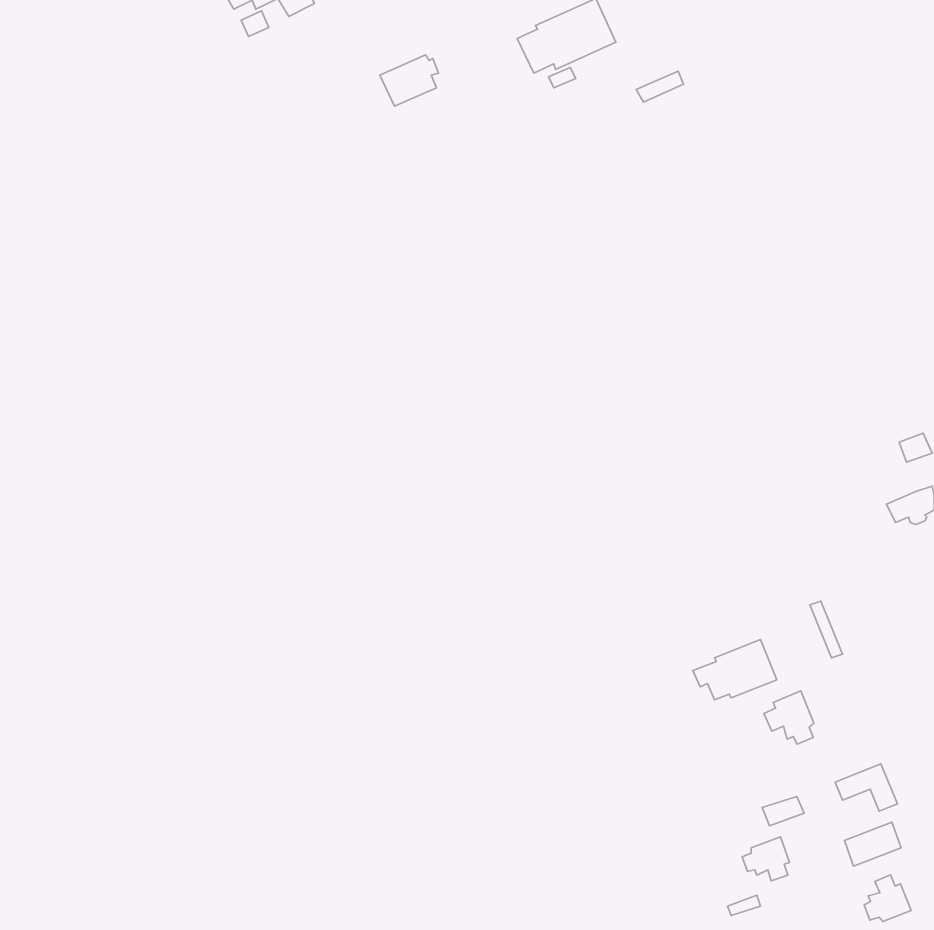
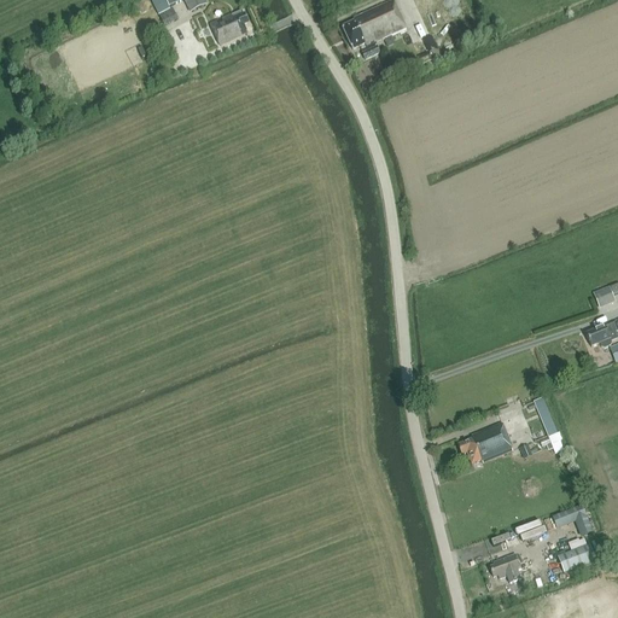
building: [380,55,438,106] -> [210,10,249,43]
building: [764,691,814,744] -> none
building: [864,875,911,921] -> none

